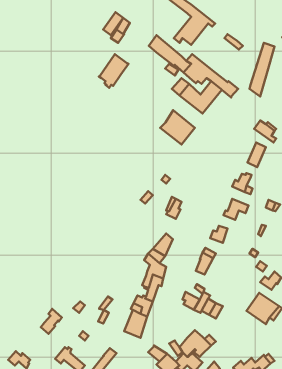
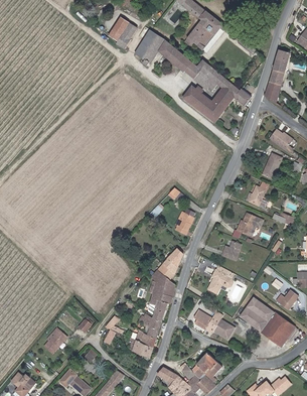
building: [99,54,128,88] -> [135,30,166,65]
building: [160,110,195,144] -> none
building: none -> [240,296,274,331]

